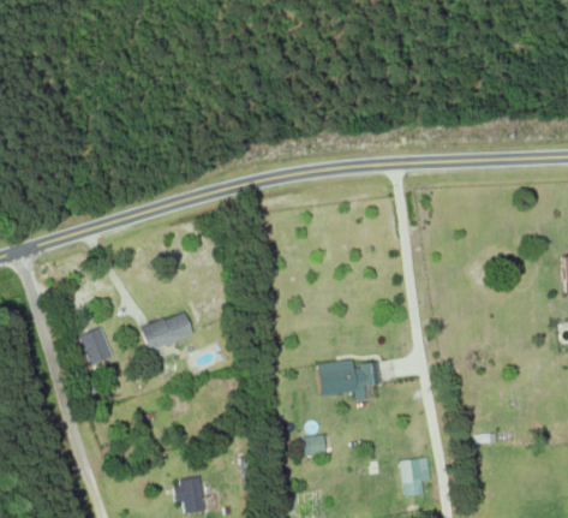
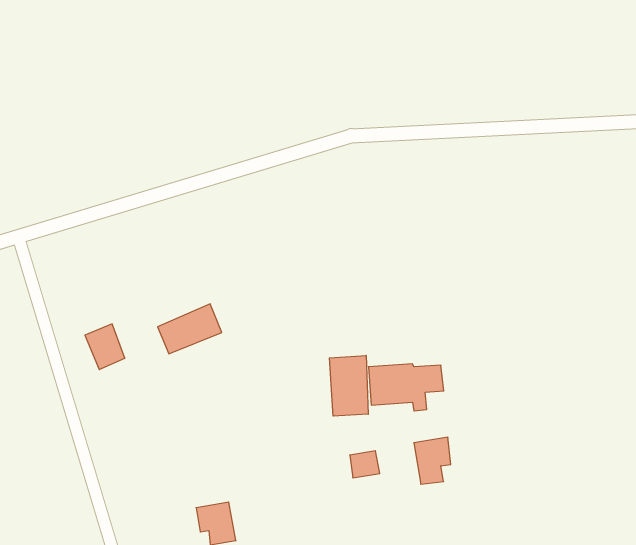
building: none -> [329,355,368,416]
building: [399,457,430,496] -> [414,437,451,484]

